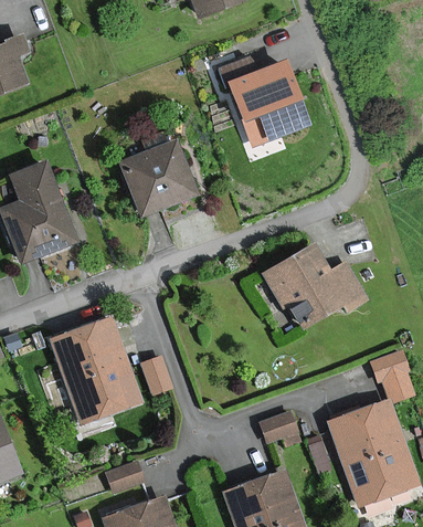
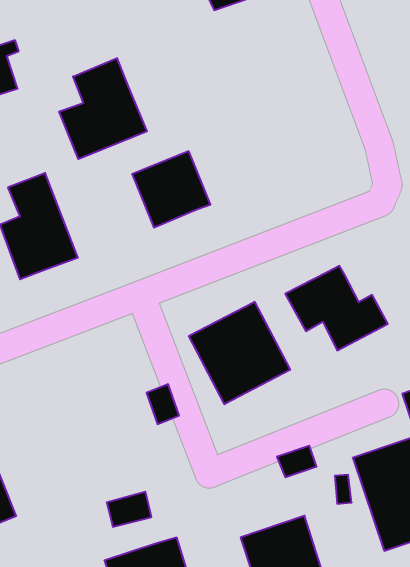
building: none -> [59,58,147,159]
building: [223,60,307,145] -> none
building: none -> [189,302,290,404]
building: [51,319,142,424] -> none

